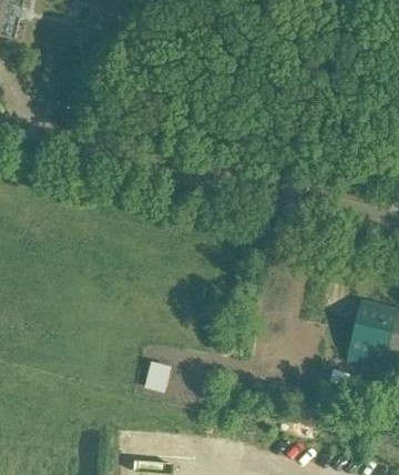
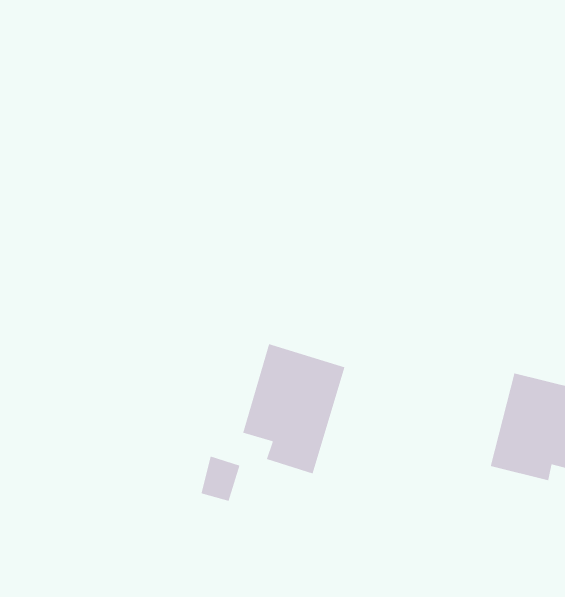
building: none -> [242,343,345,474]

